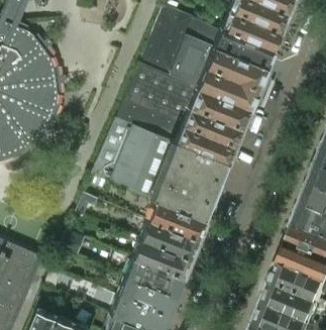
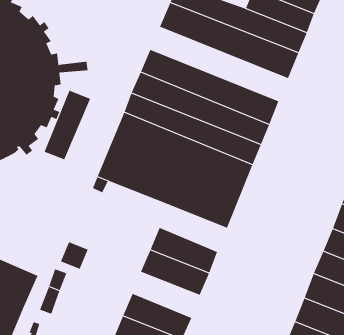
building: [140,44,259,108] -> none
building: none -> [44,90,91,160]
building: [148,197,207,237] -> none
building: [125,254,184,294] -> none

